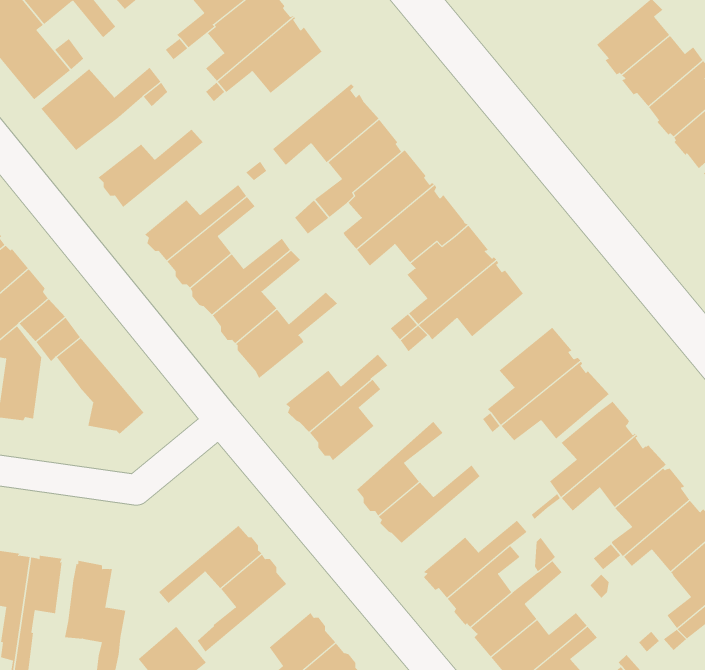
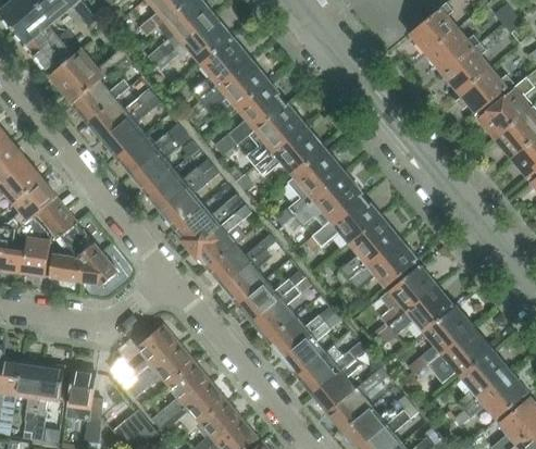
building: none -> [191,38,251,101]
building: none -> [73,78,129,120]
building: none -> [103,97,161,157]
building: none -> [312,195,382,247]
building: none -> [191,205,251,266]
building: none -> [49,252,84,283]
building: none -> [238,270,304,322]
building: none -> [284,313,340,375]
building: none -> [110,325,178,388]
building: none -> [157,383,225,432]

